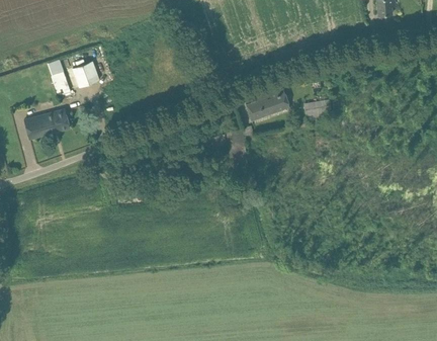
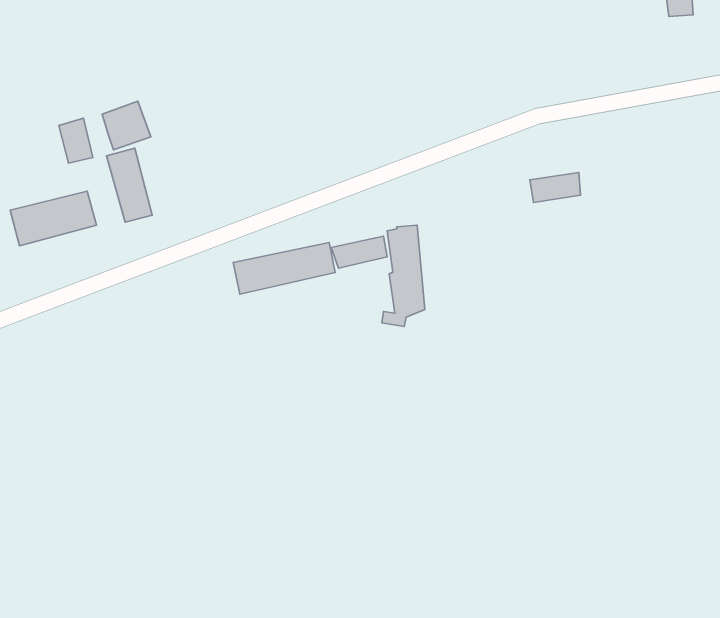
building: [246,86,289,120] -> none
building: none -> [107,148,152,222]
building: none -> [233,242,335,294]

